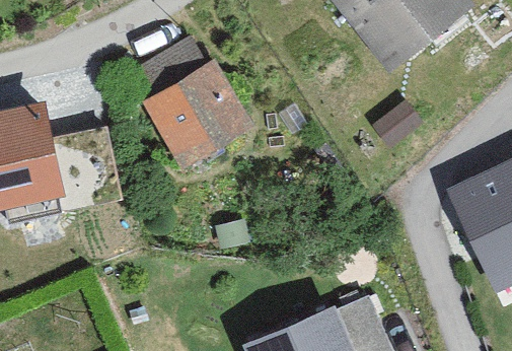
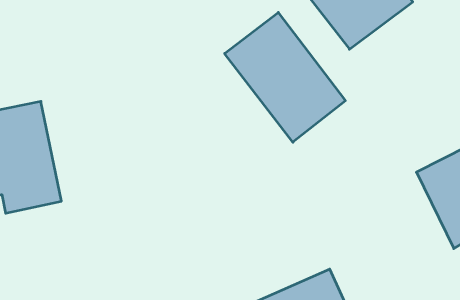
building: none -> [225,12,345,142]
building: [114,46,247,166] -> none

